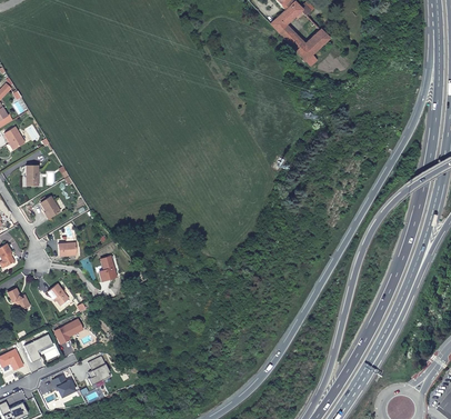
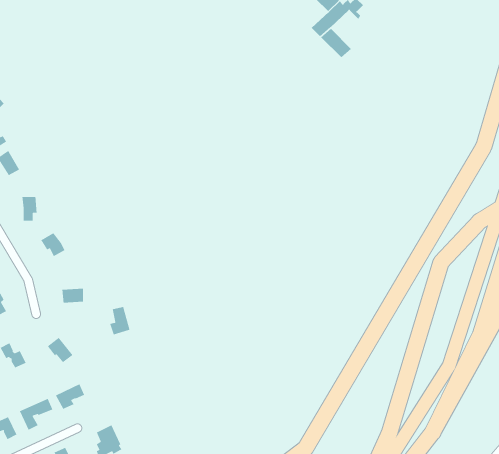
building: [293,27,328,64] -> none

